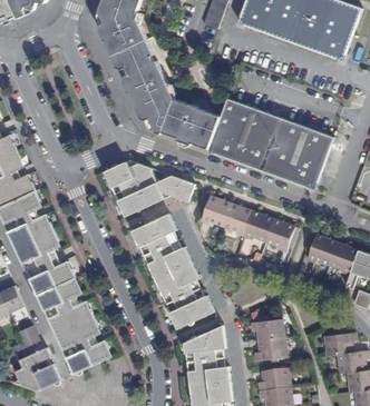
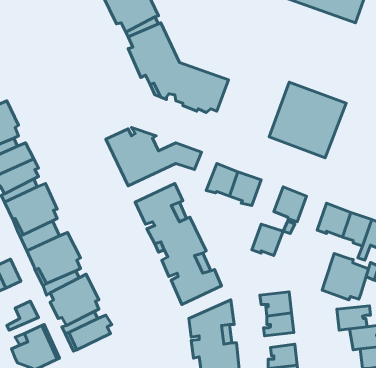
building: [207,98,279,169] -> none
building: [243,210,273,240] -> [252,224,283,256]
building: none -> [322,254,368,300]

